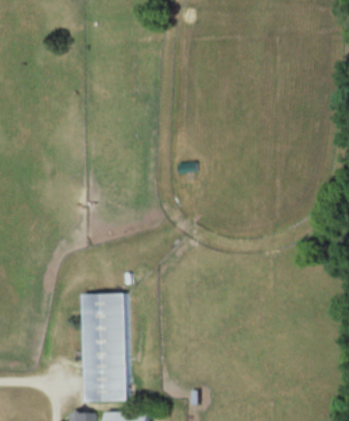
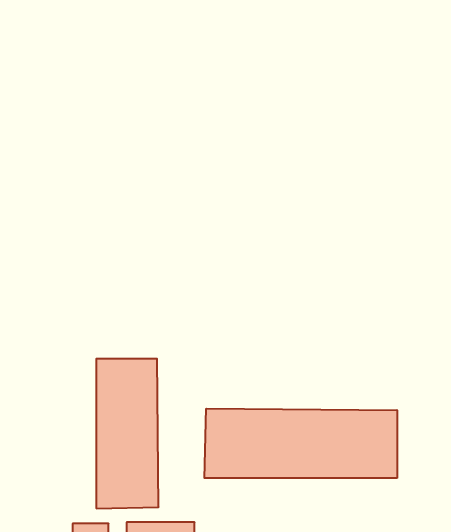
building: none -> [204,409,397,478]

